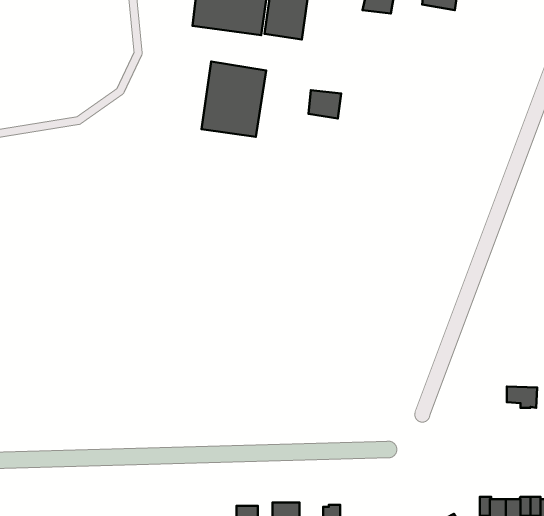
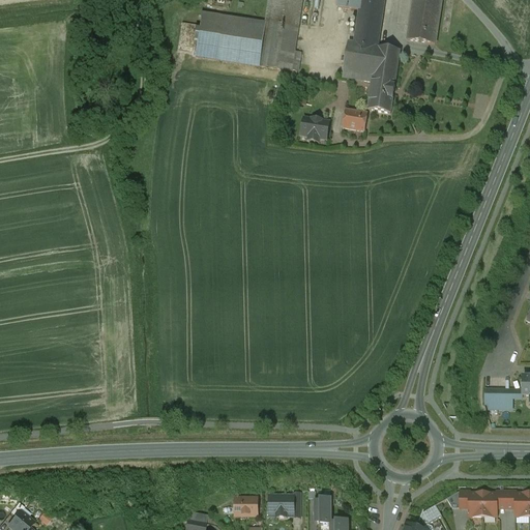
building: none -> [342,41,399,114]
building: [202,61,266,137] -> none
building: none -> [341,111,366,132]

